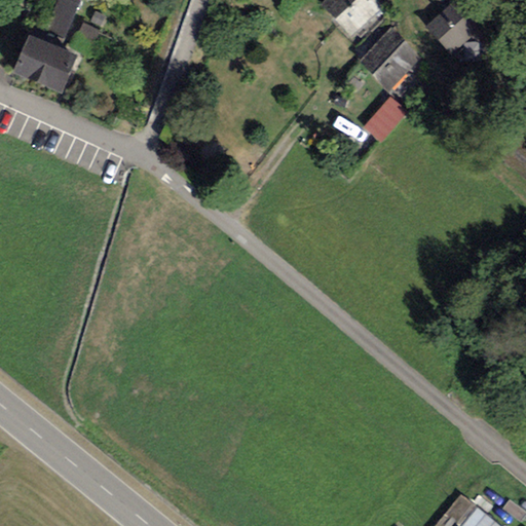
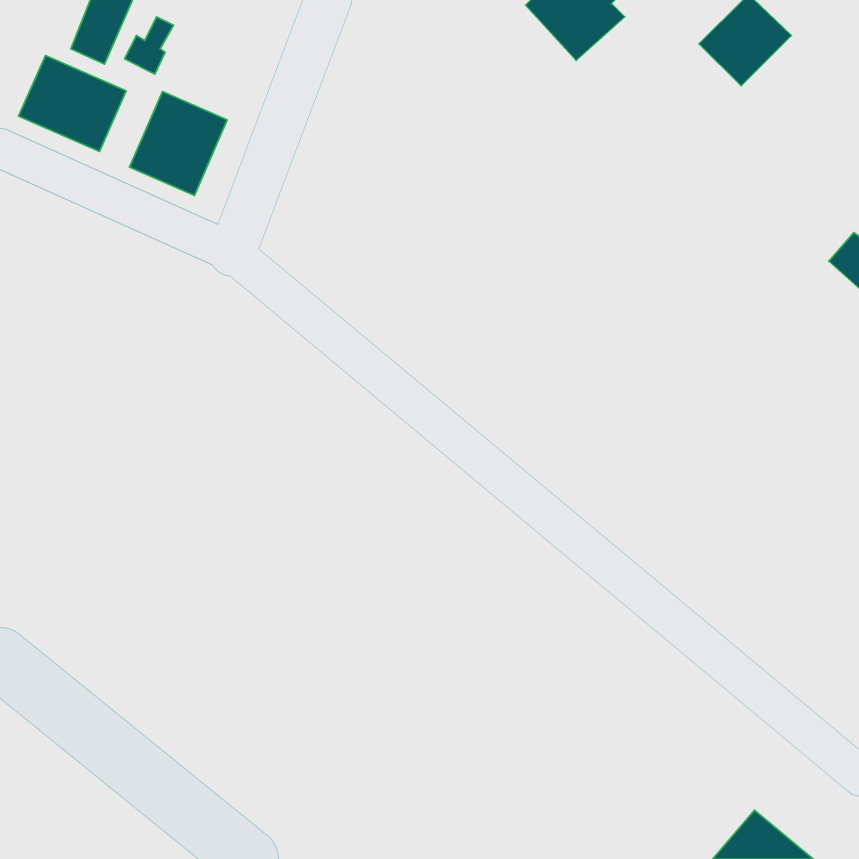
building: [359,28,423,91] -> none
building: none -> [130,91,227,196]
building: [368,95,413,141] -> none

